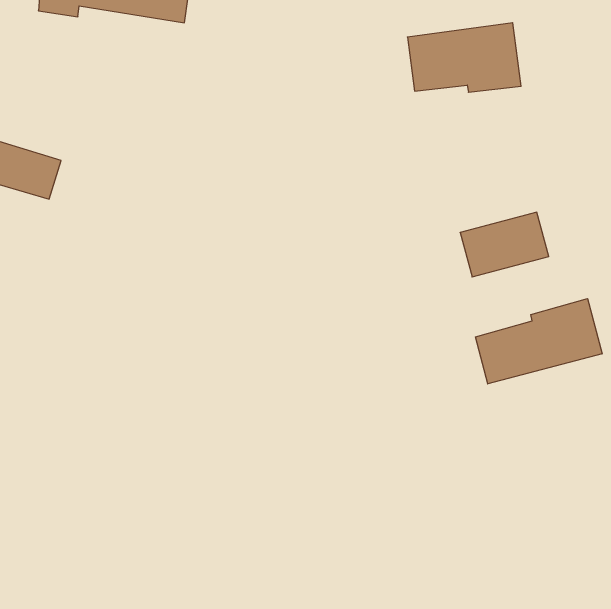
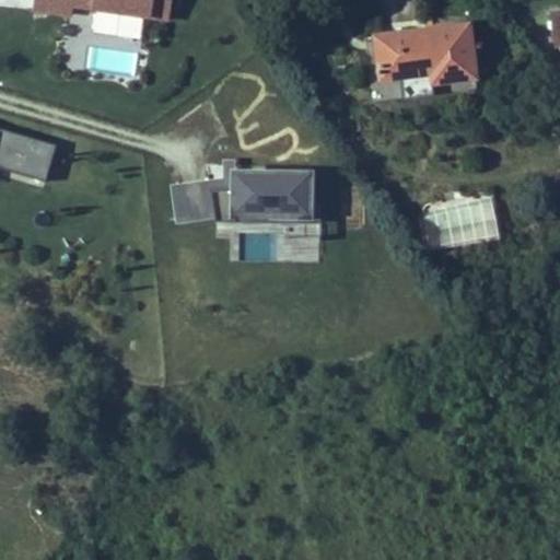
building: none -> [170,158,316,225]
building: [475,299,602,384] -> none

